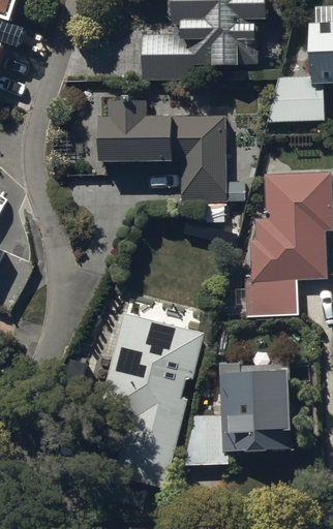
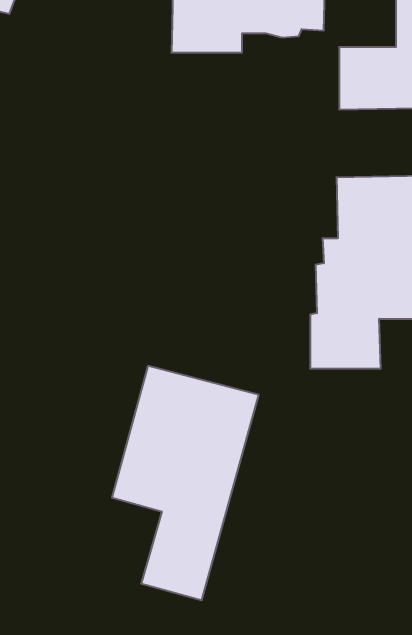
building: [98,101,245,204] -> none
building: [181,362,293,464] -> none

